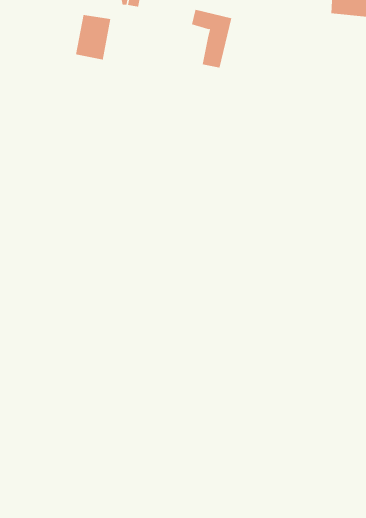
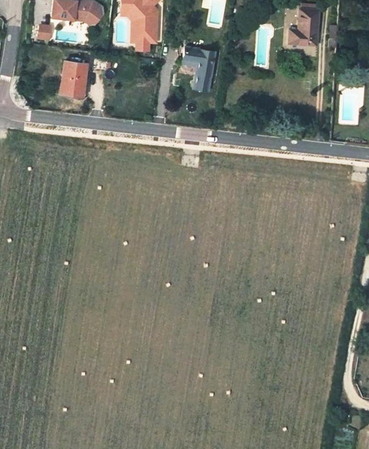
building: [75,15,111,60] -> [62,62,88,96]

